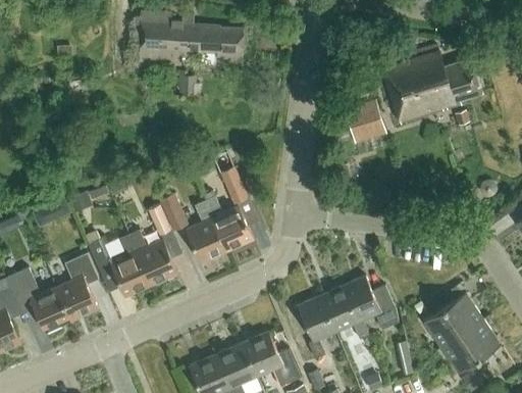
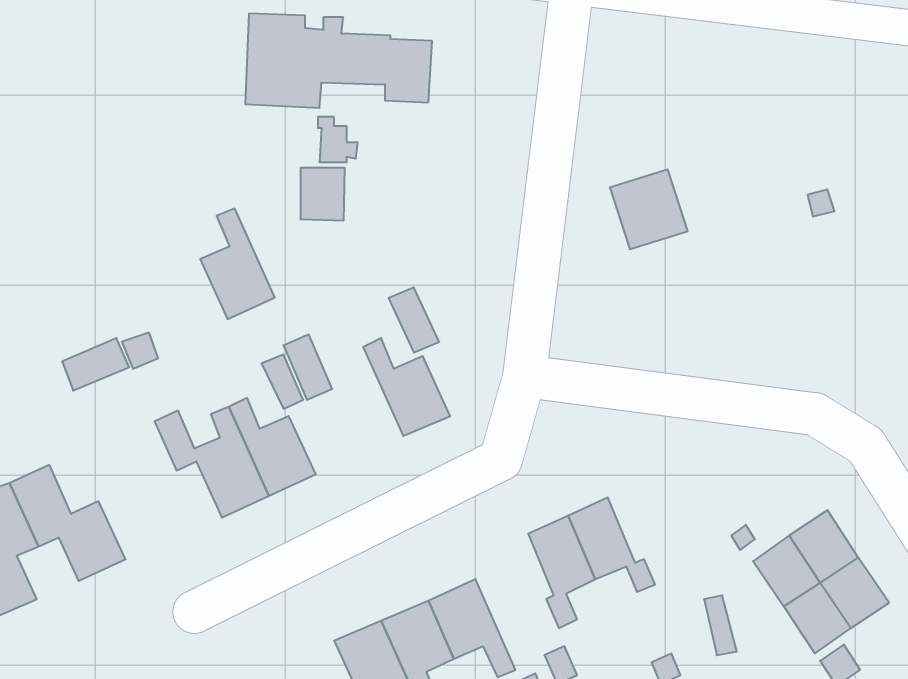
building: [382,48,483,125] -> none
building: none -> [301,168,344,221]
building: [186,200,227,262] -> [200,209,275,319]
building: [56,252,99,320] -> none
building: [343,276,396,329] -> none

